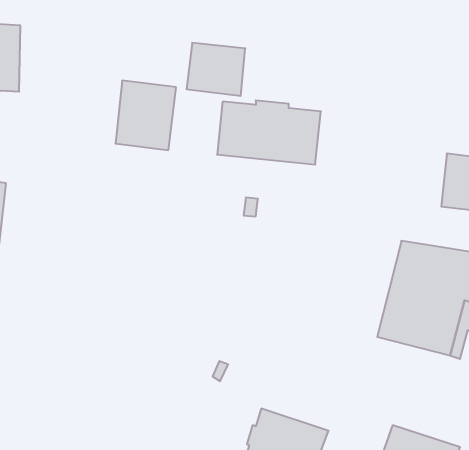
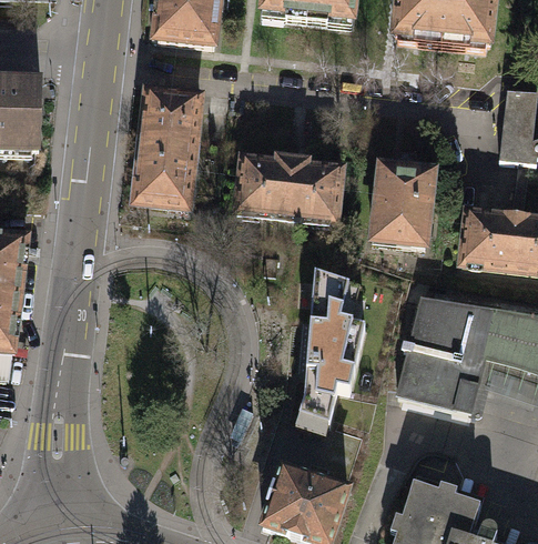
building: [187,43,245,96] -> [141,89,200,142]
building: none -> [372,164,433,245]
building: none -> [298,272,364,423]

